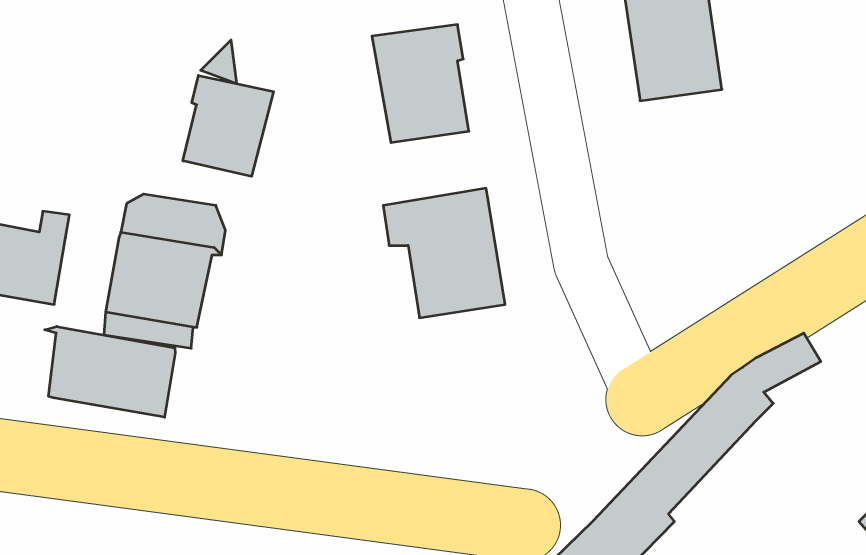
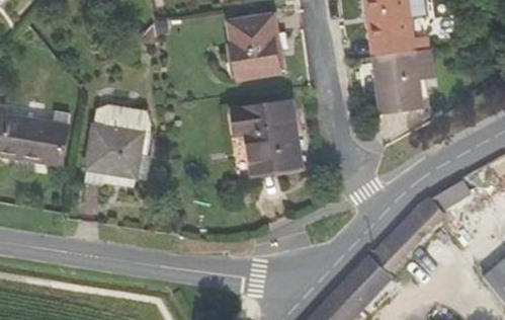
building: [183,75,274,176] -> none
building: none -> [371,48,433,114]
building: [45,326,175,417] -> none

